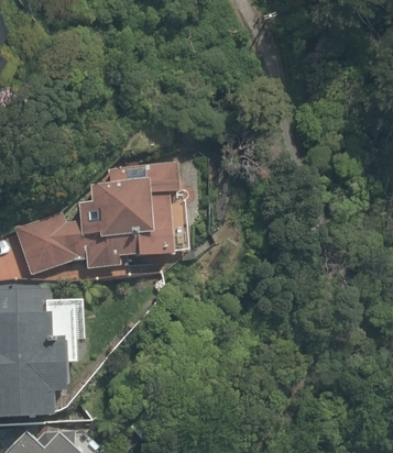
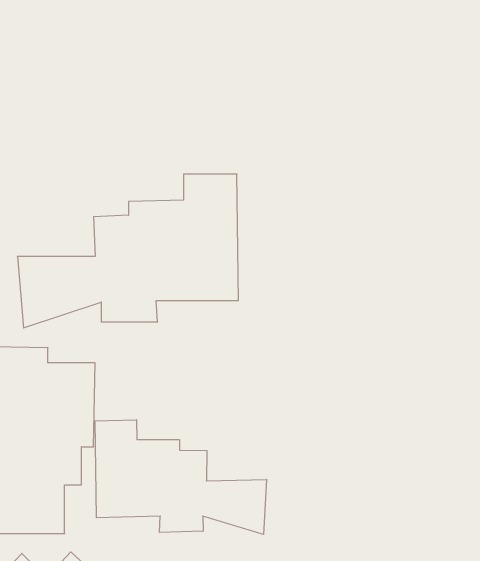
building: none -> [95,420,267,534]

